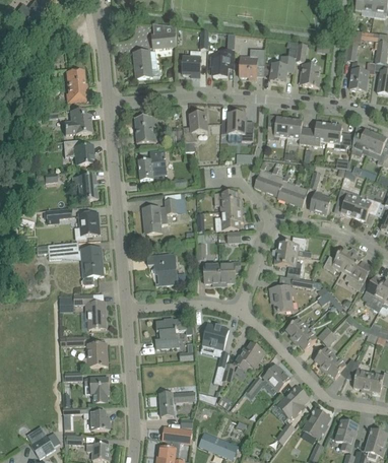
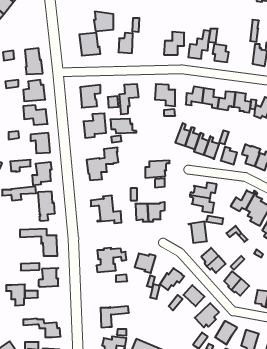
building: [210,49,234,75] -> none
building: [213,191,246,209] -> [110,119,136,133]
building: [84,376,108,402] -> [6,284,25,306]

